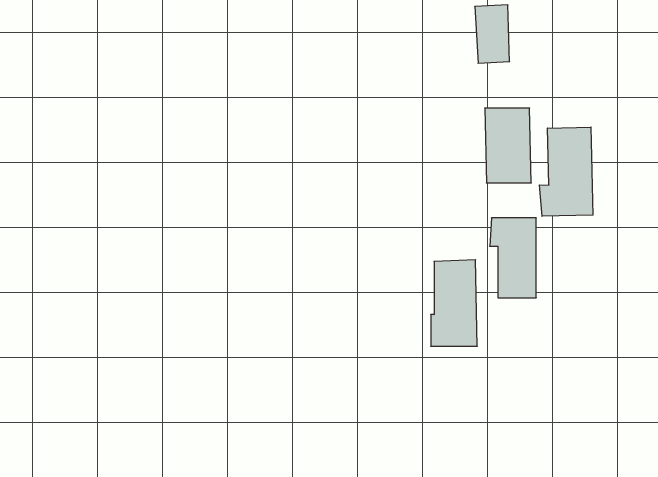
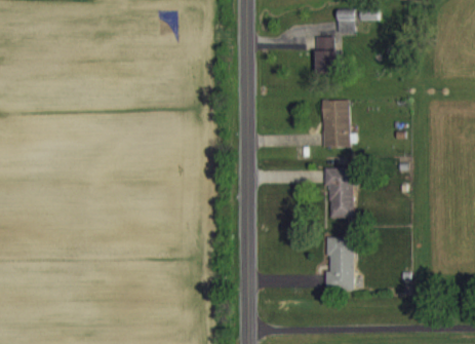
building: [539,127,593,216] -> none
building: [431,260,477,346] -> [325,237,354,291]

